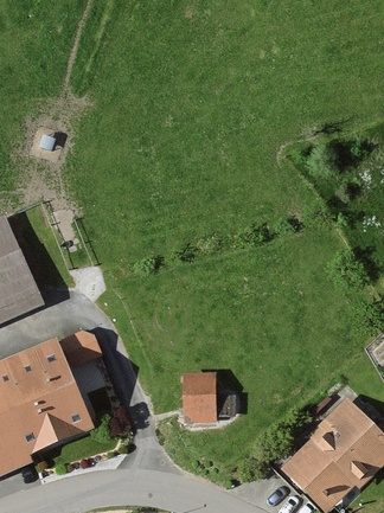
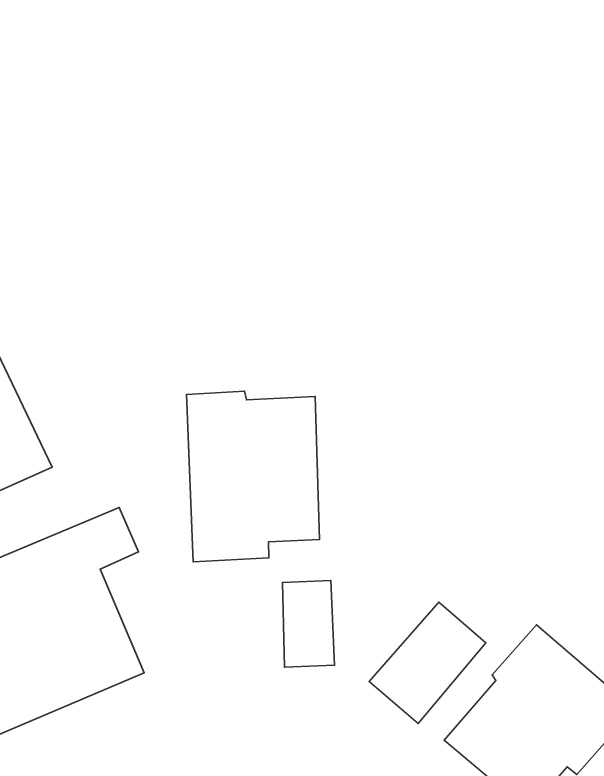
building: none -> [187,391,319,562]
building: none -> [369,602,486,724]

